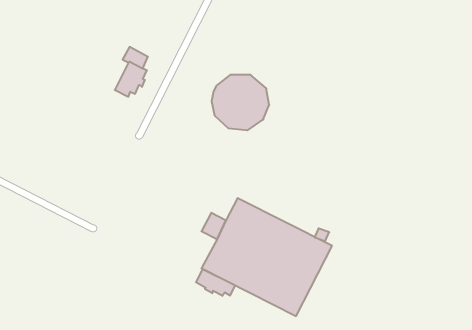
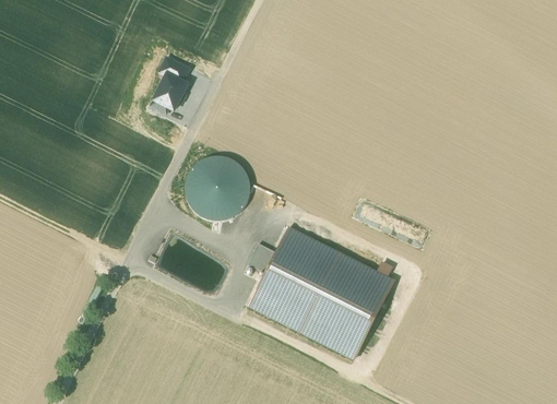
building: [212,75,269,130] -> [185,158,249,221]
building: [196,269,235,296] -> none

